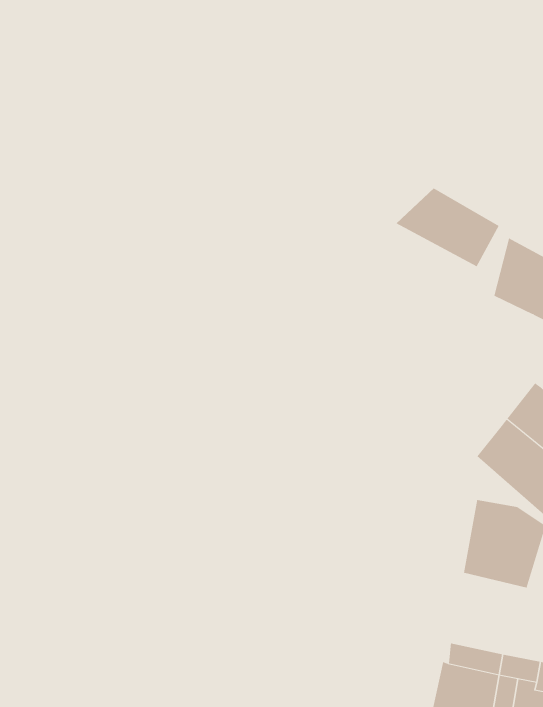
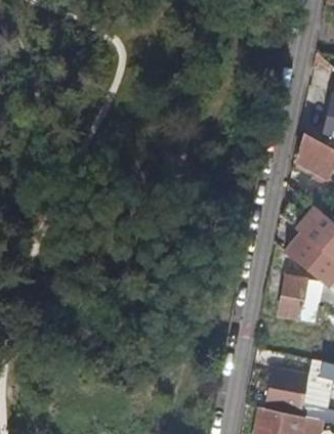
building: [395,187,499,267] -> none

